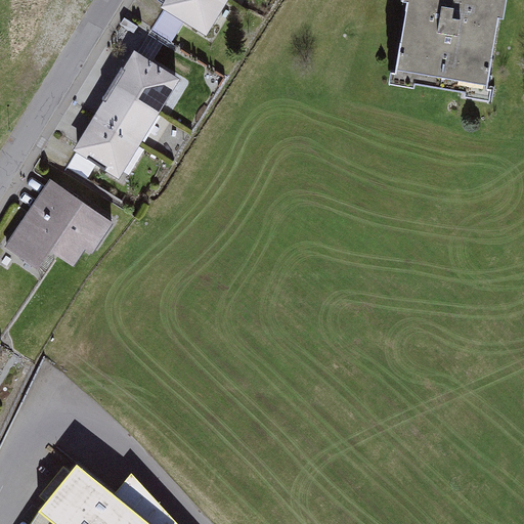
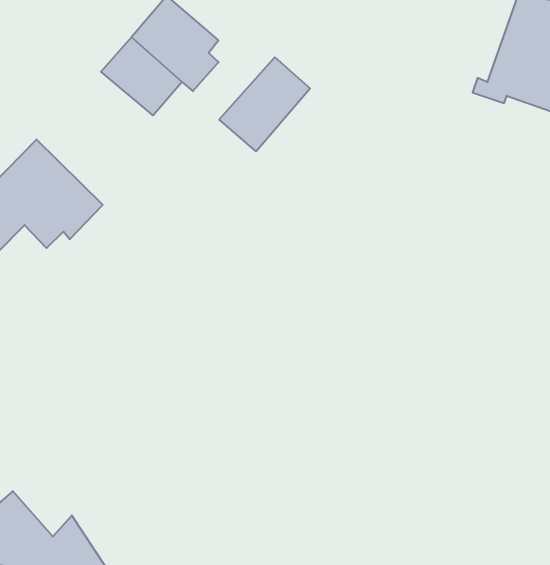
building: none -> [219,57,310,151]
building: [61,118,138,184] -> none

